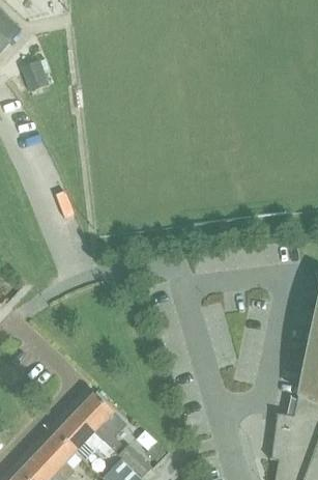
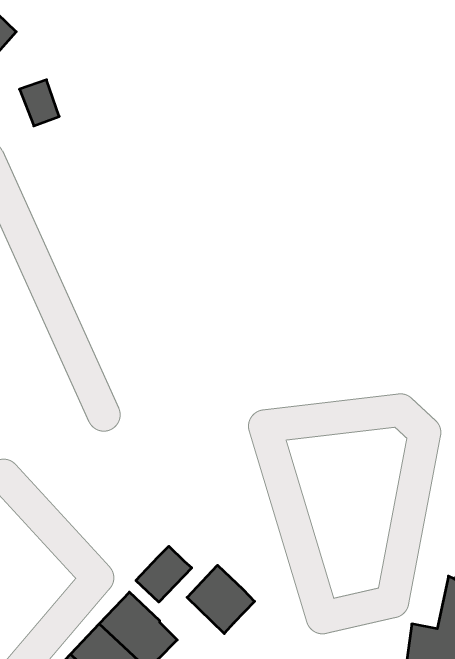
building: none -> [136,546,192,602]
building: none -> [187,565,255,634]

